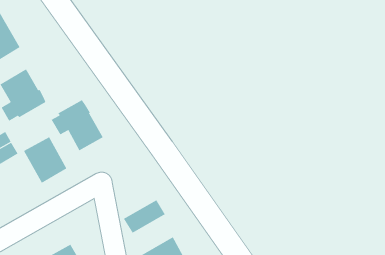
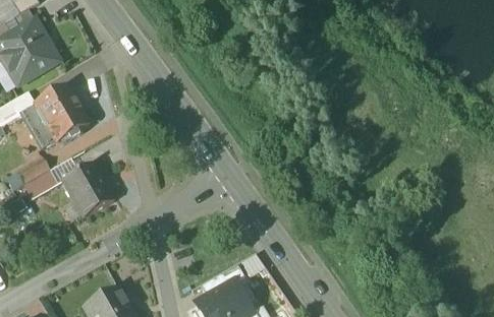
building: [51,99,103,151] -> none
building: [123,199,166,234] -> none

